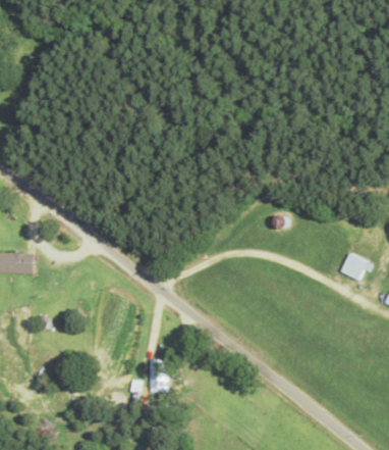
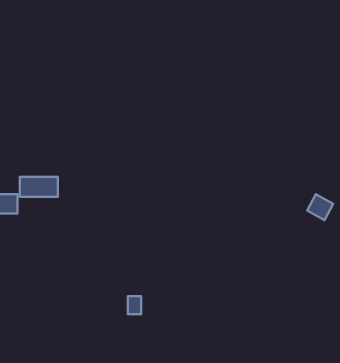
building: none -> [20,177,58,197]

